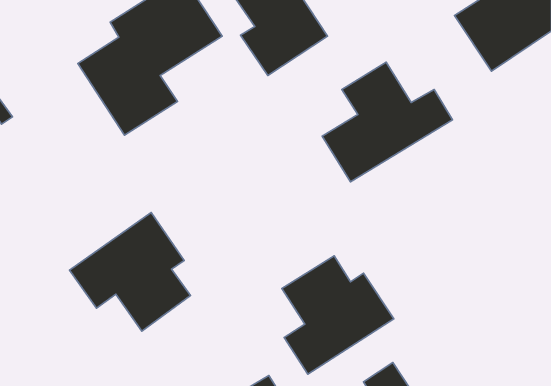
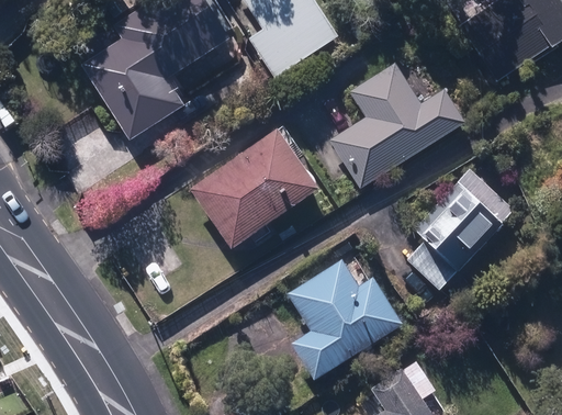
building: none -> [190,130,317,250]
building: none -> [413,162,518,282]
building: [69,212,191,331] -> none

